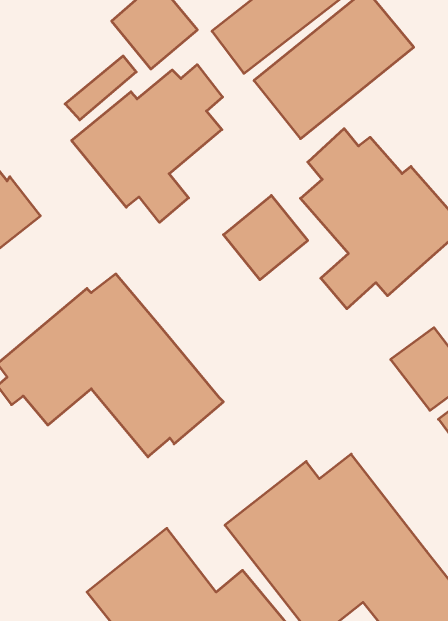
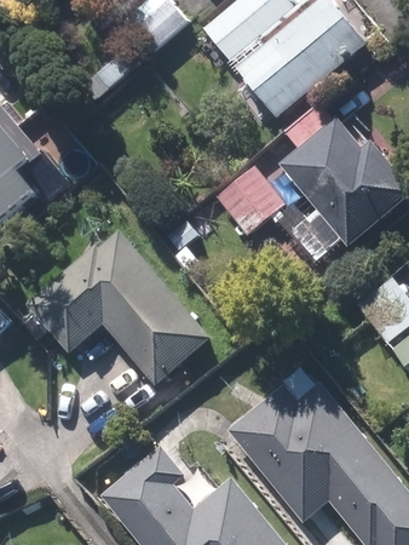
building: [72,65,223,222] -> none

